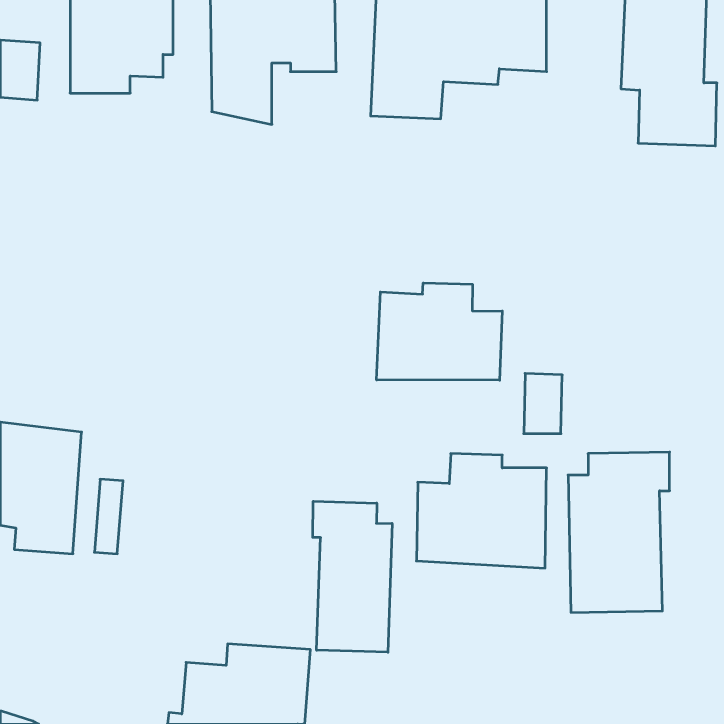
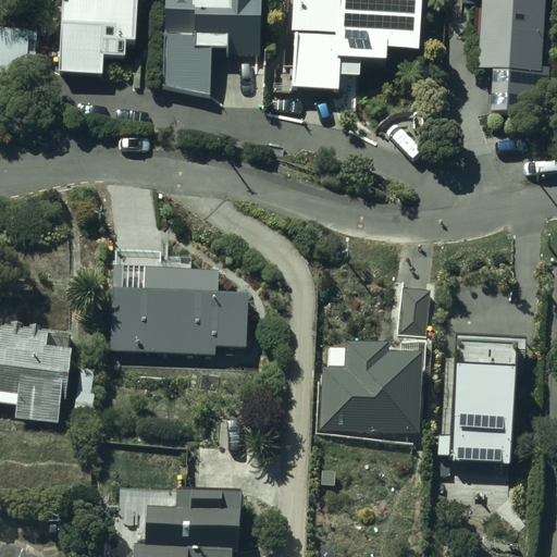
building: [377,283,502,380] -> none
building: none -> [110,249,247,355]
building: [313,501,392,652] -> none

